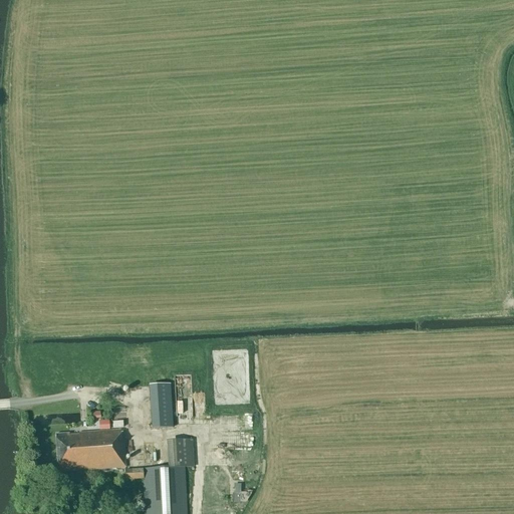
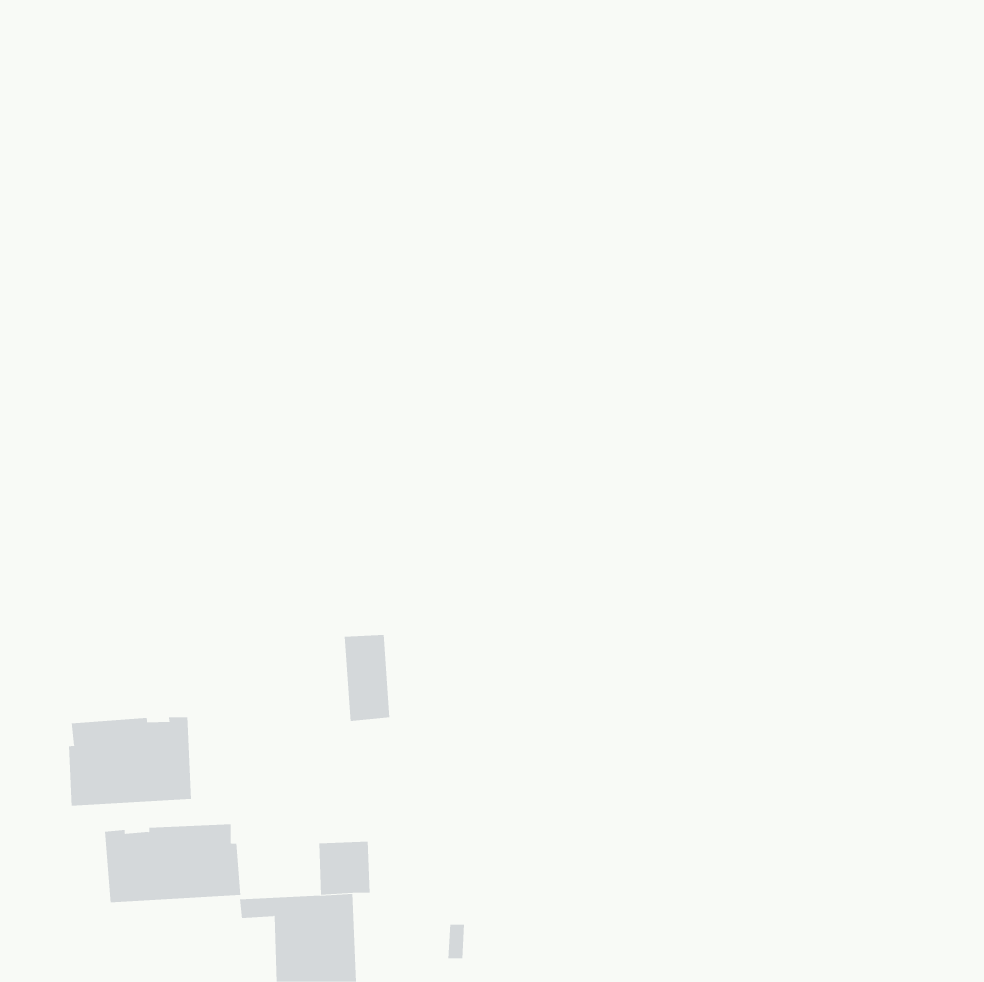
building: none -> [68,716,191,807]
building: [149,381,173,427] -> [344,635,390,721]

